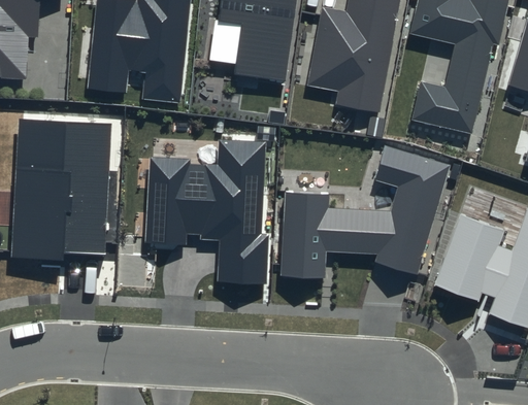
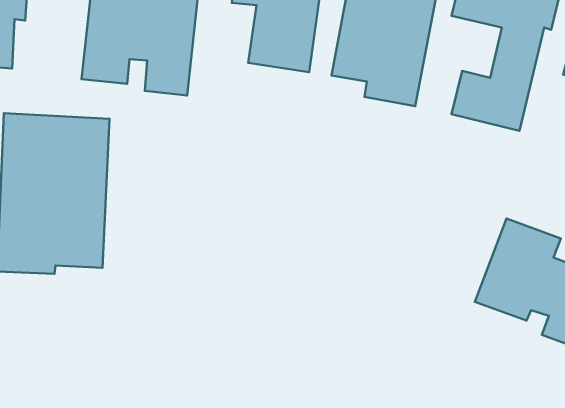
building: [146,140,269,284] -> none
building: [280,144,450,278] -> none

